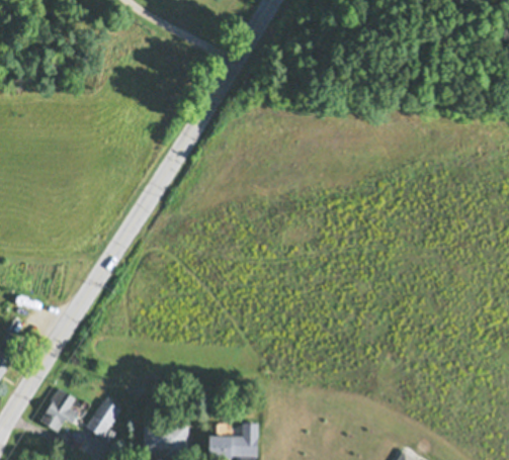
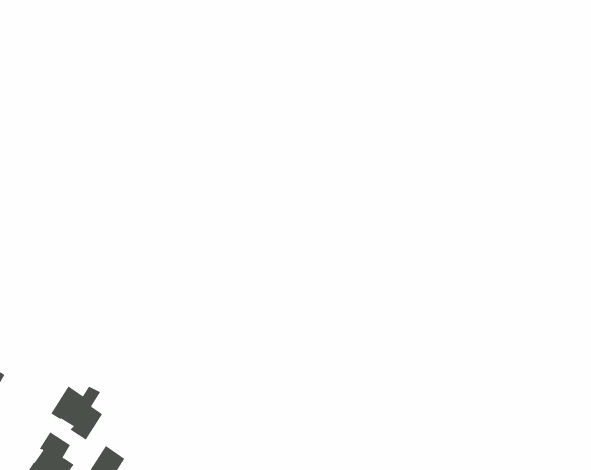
building: none -> [50,385,103,440]

